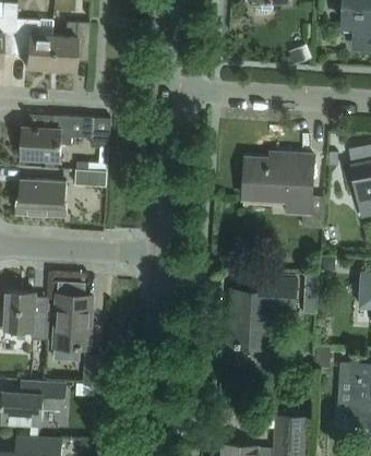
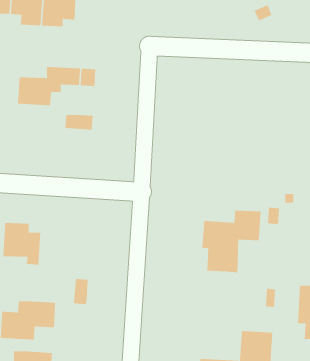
building: [243,154,323,228] -> none
building: [17,180,67,215] -> none
building: [52,295,92,363] -> none

